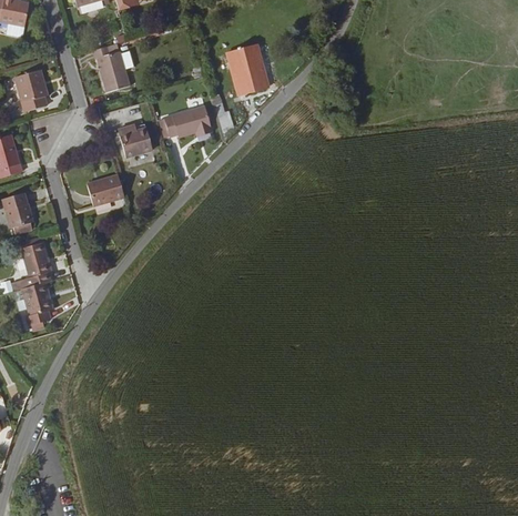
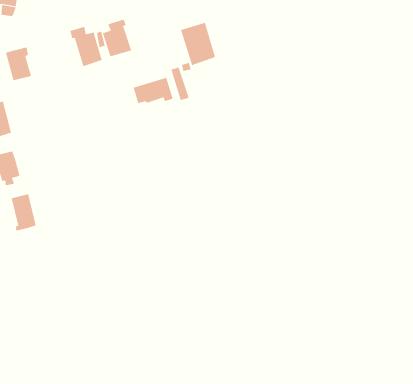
building: none -> [102,19,132,57]
building: [120,129,153,158] -> none
building: [88,174,124,206] -> none
building: [21,282,53,326] -> none

